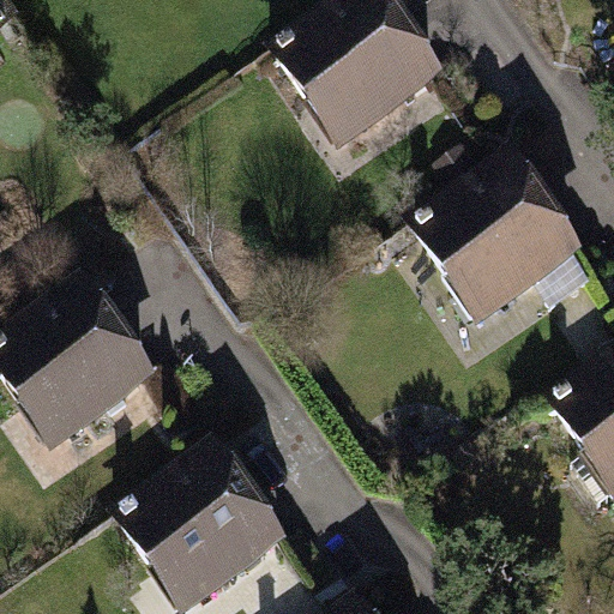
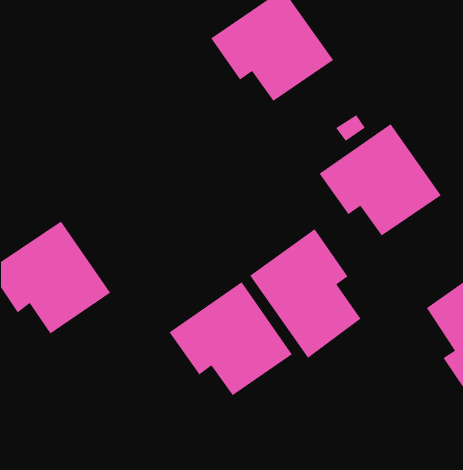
building: none -> [249,228,361,359]
building: [128,449,289,597] -> [169,281,293,396]

